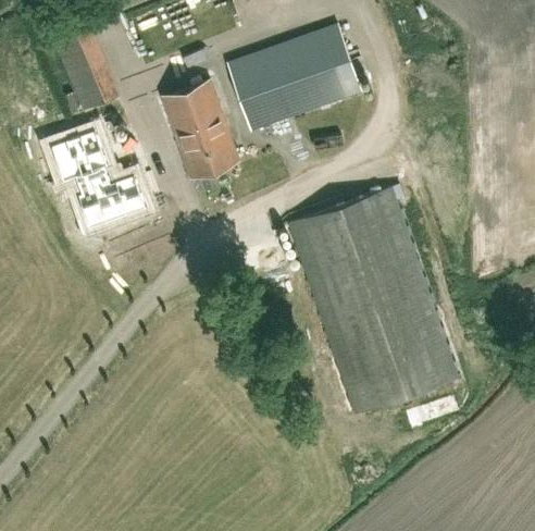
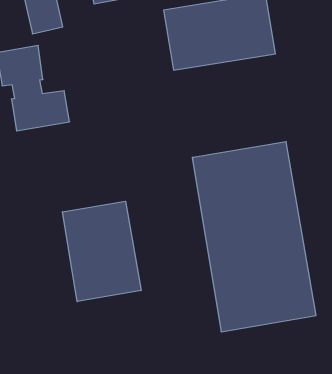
building: [162,81,238,178] -> none
building: none -> [63,201,141,302]

